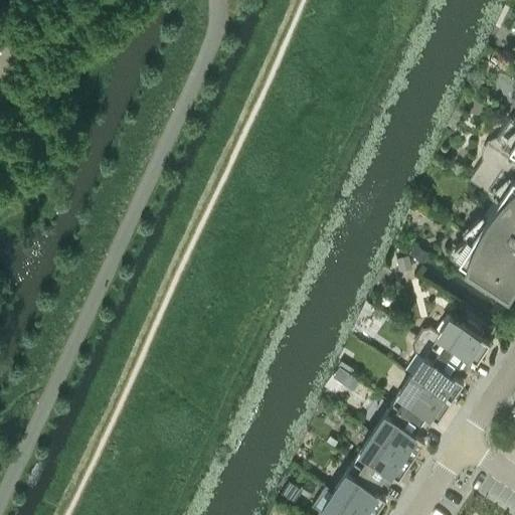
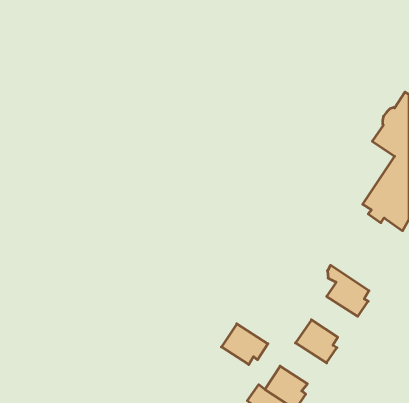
building: [415,322,489,373] -> none
building: [391,380,450,432] -> none
building: [352,439,410,490] -> [221,324,268,365]

